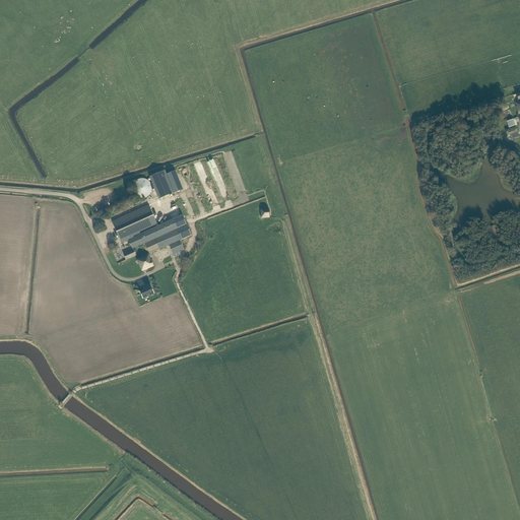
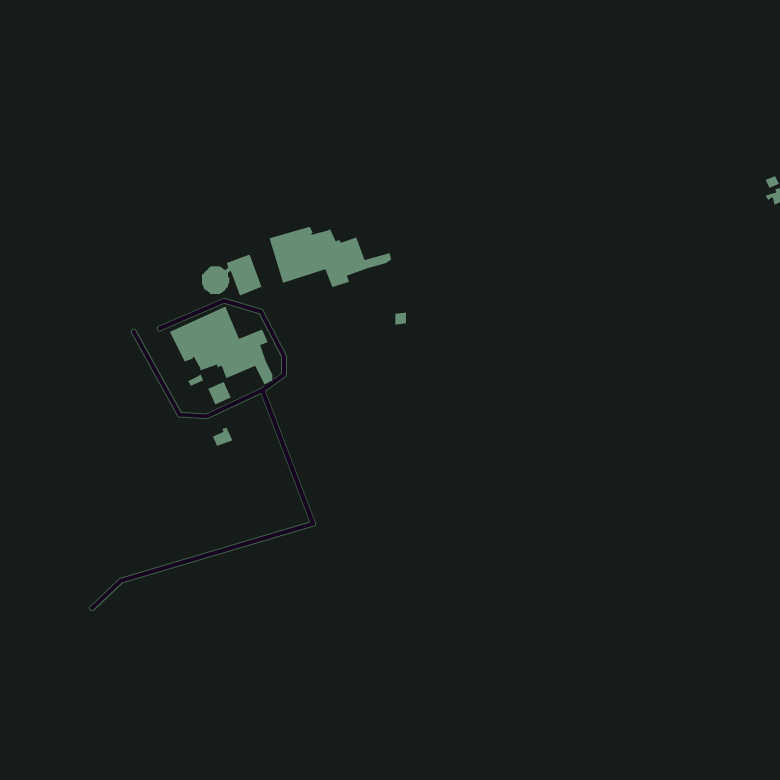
building: none -> [268,226,392,288]

